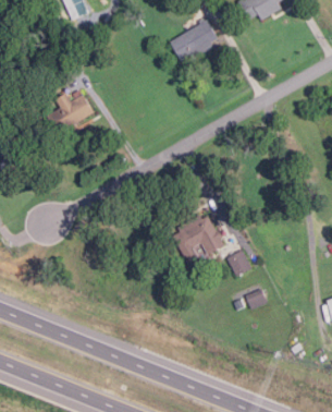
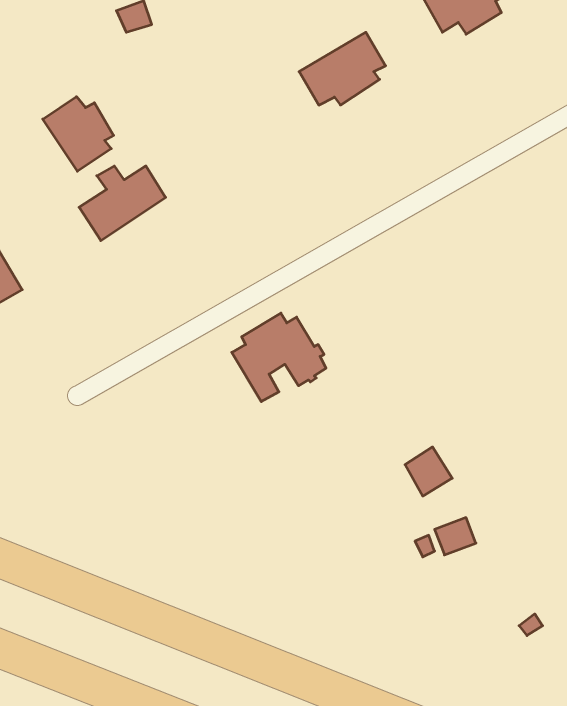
building: none -> [43,97,114,171]
building: [172,214,224,263] -> [232,313,326,402]

